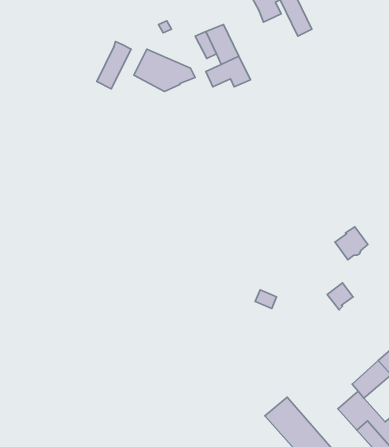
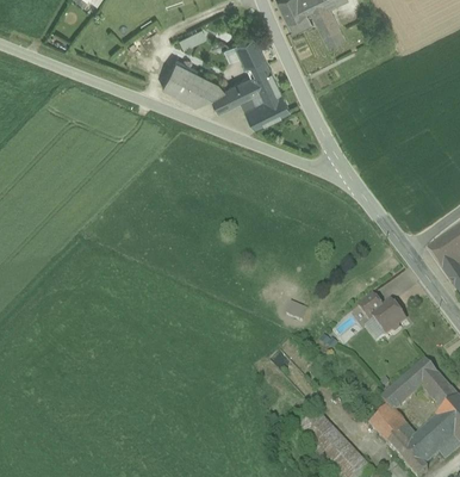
building: [97,42,131,89] -> none
building: none -> [209,79,242,107]
building: none -> [244,87,288,122]
building: [335,227,368,260] -> [372,299,405,333]

